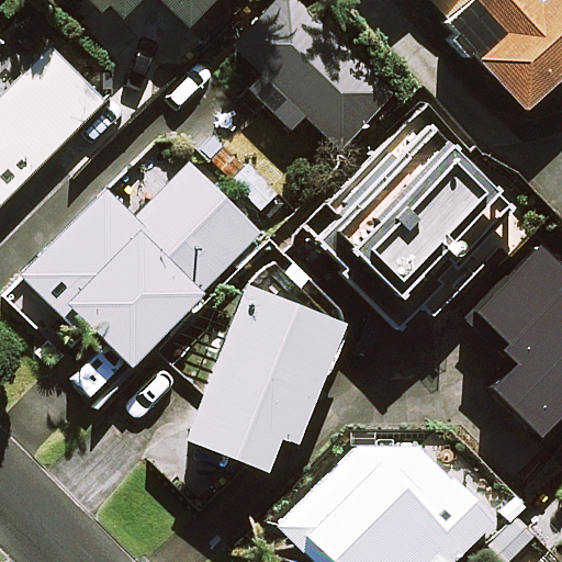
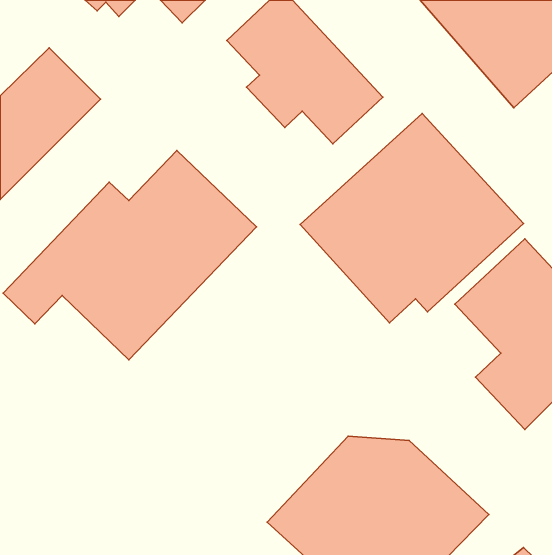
building: [179,281,346,476] -> none

